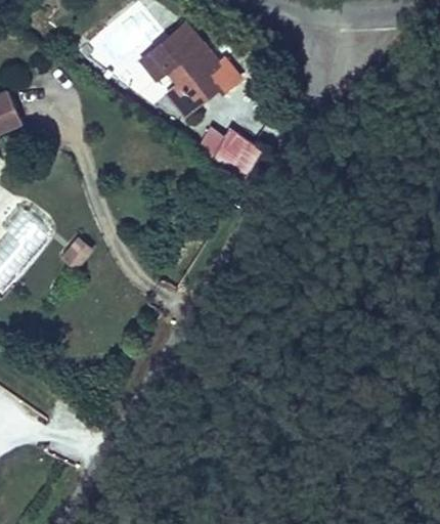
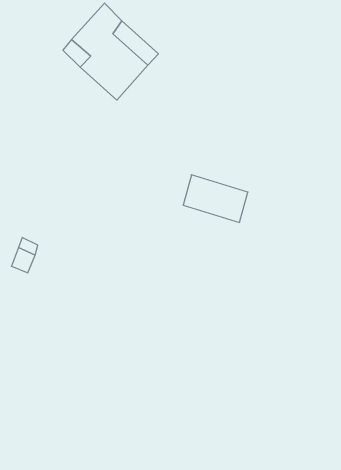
building: [203,122,269,177] -> [183,175,248,222]

